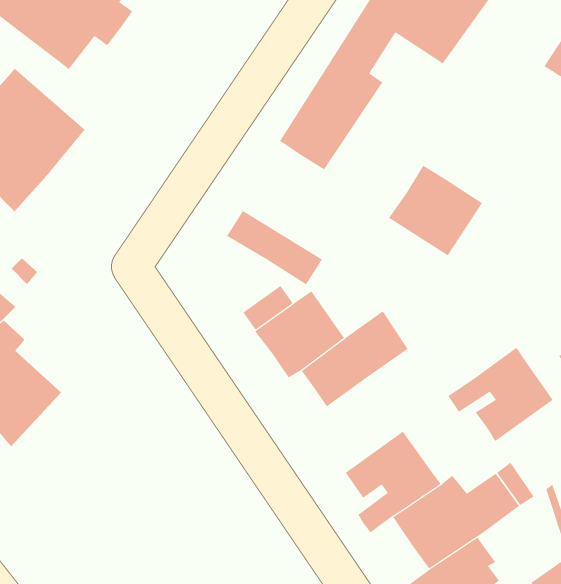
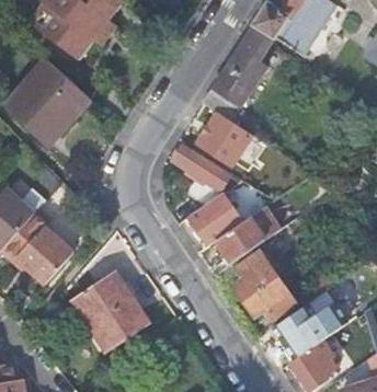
building: [388,165,483,256] -> [196,111,253,165]
building: [448,347,553,442] -> [215,244,278,301]
building: none -> [71,270,148,351]

